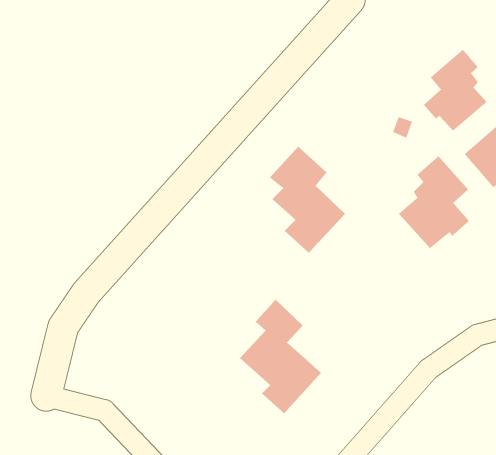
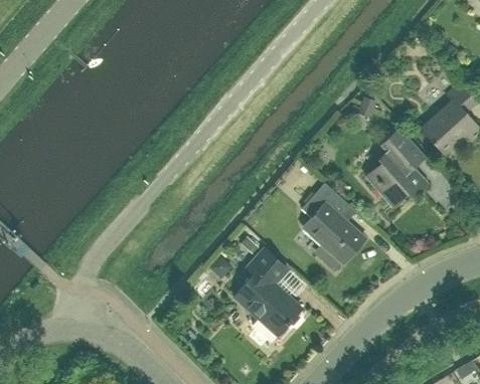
building: [423,49,487,131] -> none
building: [269,146,346,254] -> [302,183,365,272]

